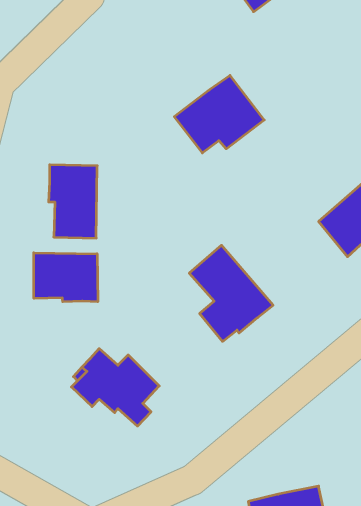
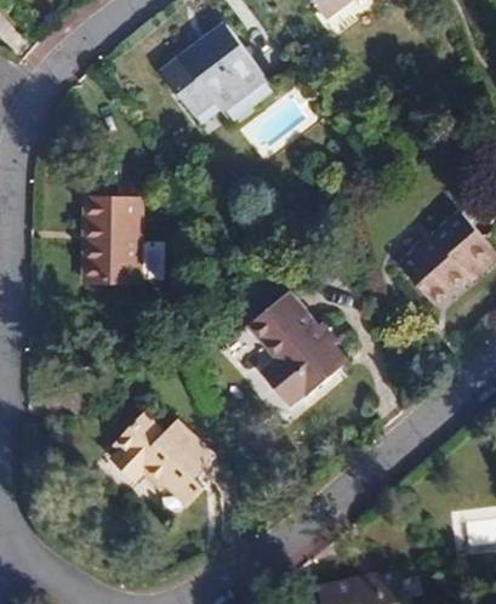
building: [174,75,264,153] -> [160,24,266,115]
building: [34,253,98,302] -> none

